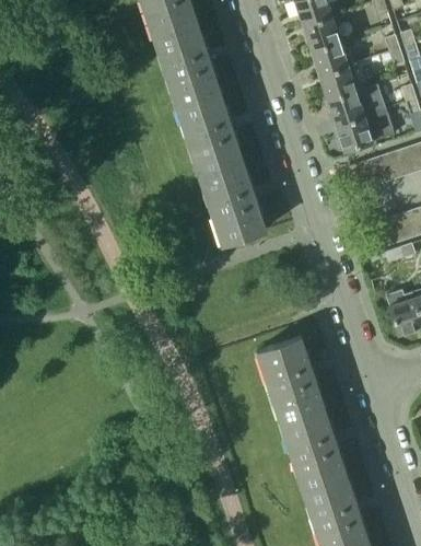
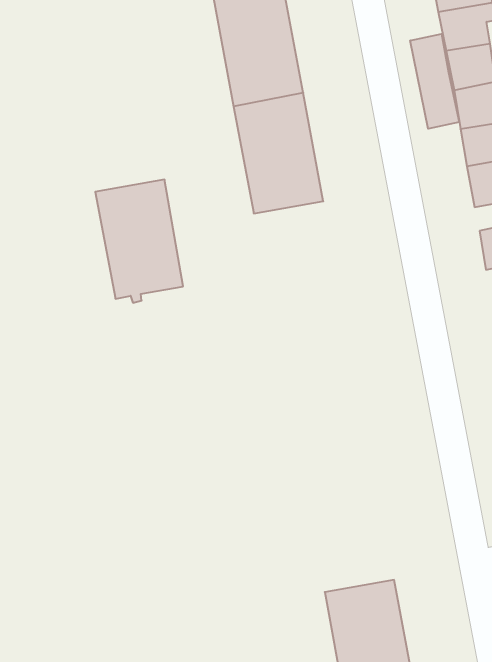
building: none -> [410,34,459,129]
building: [198,161,265,245] -> [95,180,183,303]
building: [256,336,324,419] -> none

